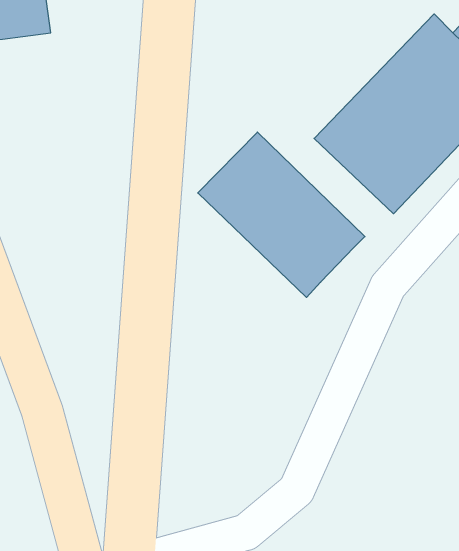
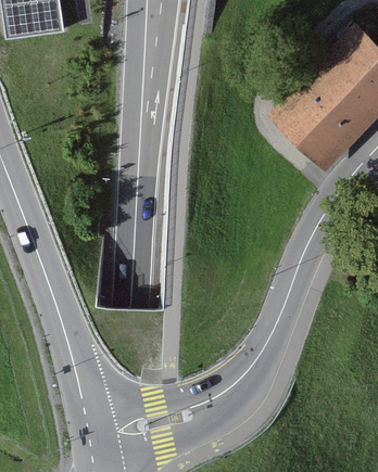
building: [198,132,365,297] -> none

